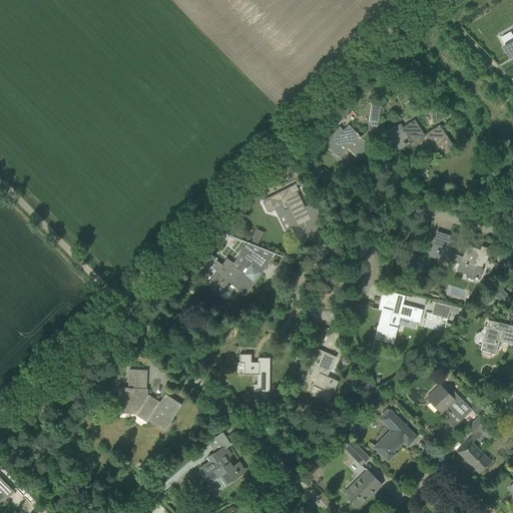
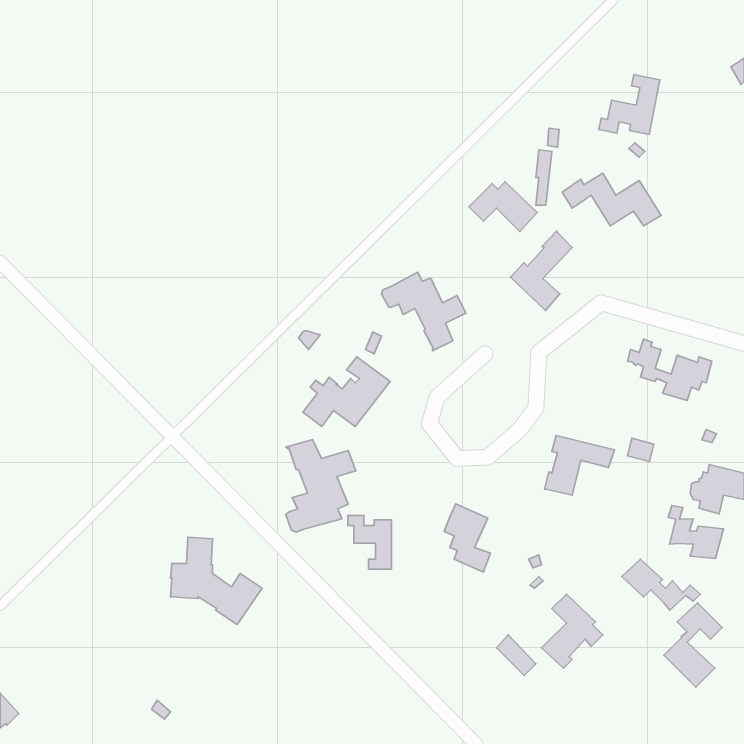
building: none -> [599,75,660,134]
building: none -> [511,231,572,310]
building: none -> [286,439,356,532]
building: none -> [668,506,723,559]
building: [199,433,239,484] -> none
building: [343,470,382,507] -> none

